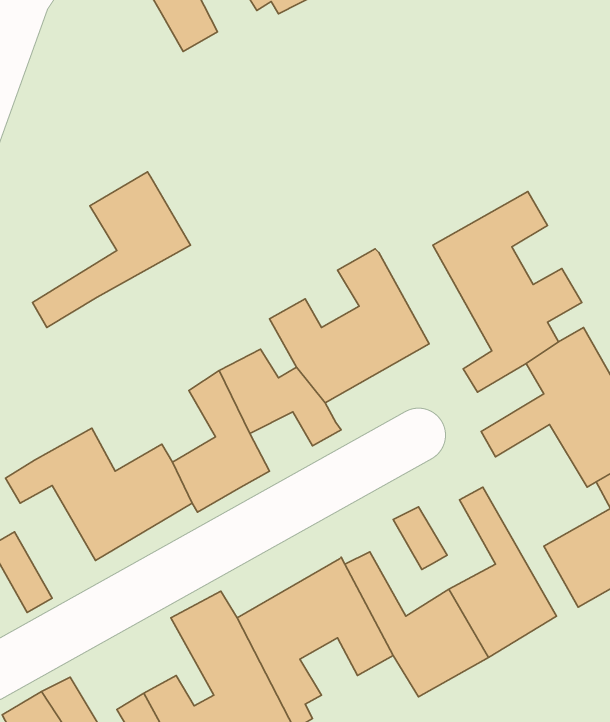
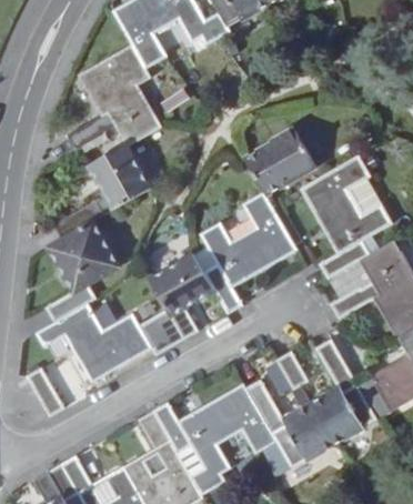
building: none -> [67,43,161,149]
building: none -> [245,130,315,193]
building: none -> [46,221,120,322]

